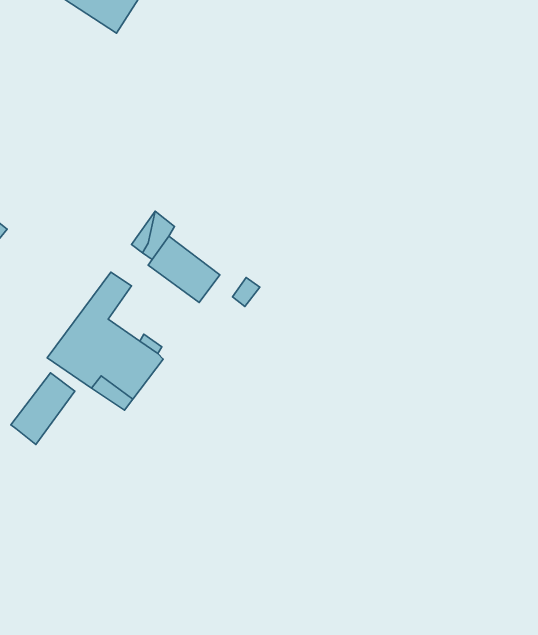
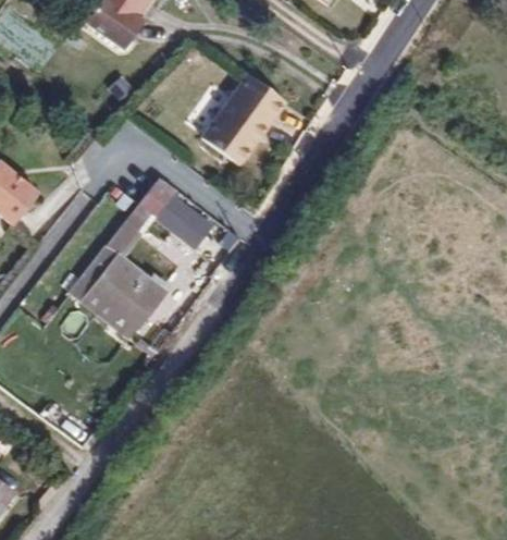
building: none -> [202,73,286,165]
building: [11,373,75,444] -> none

